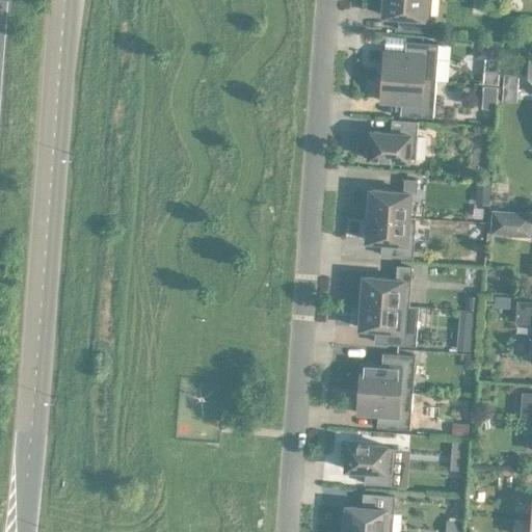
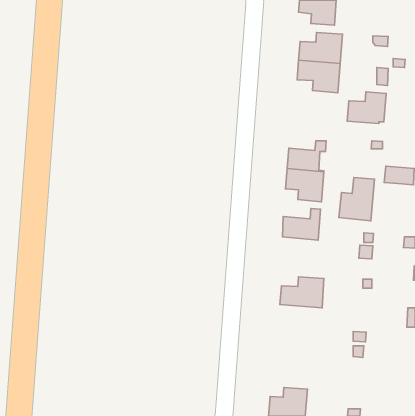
building: [367,121,417,161] -> [347,92,386,124]
building: none -> [339,177,374,221]
building: [358,302,406,345] -> none
building: [356,389,411,430] -> none
building: [343,443,392,486] -> none

